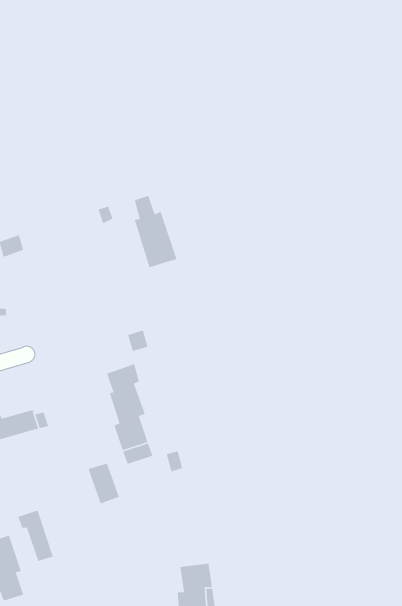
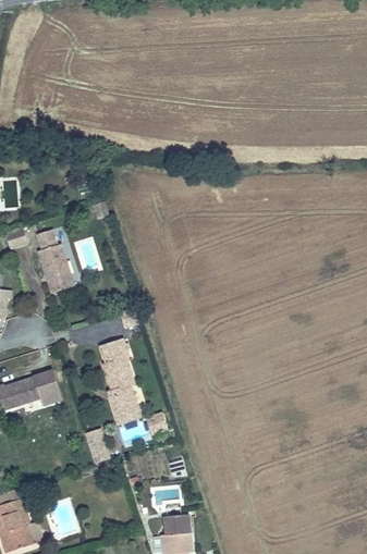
building: [134,195,177,268] -> [40,230,78,294]
building: [17,510,54,562] -> none

